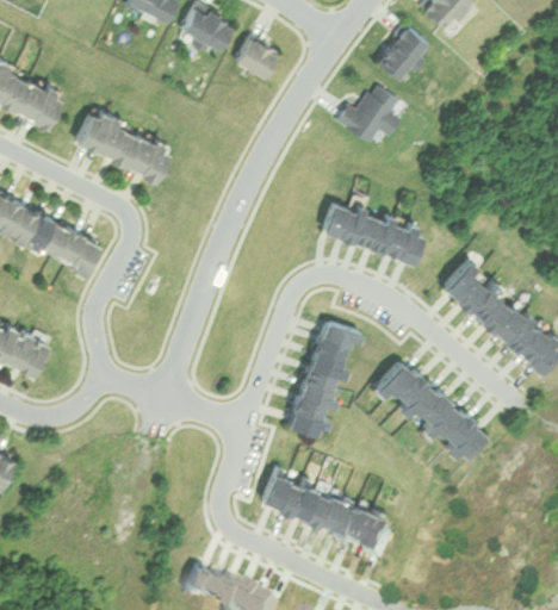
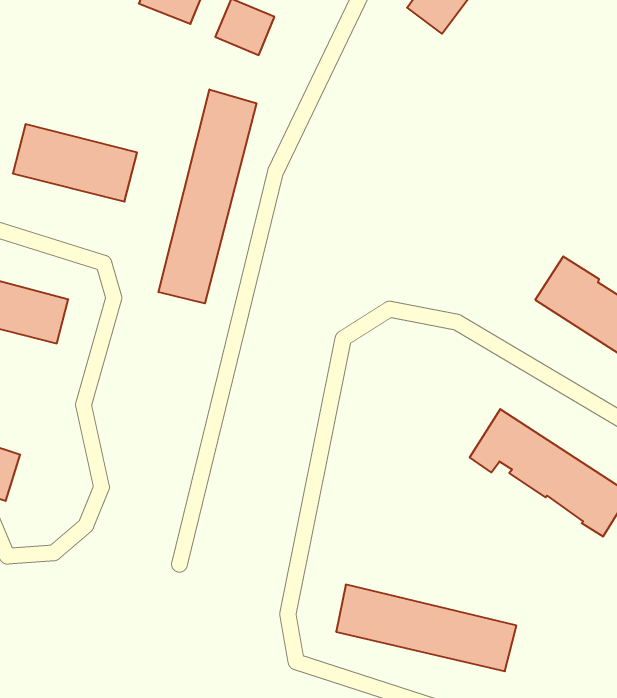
building: [336,87,402,145] -> none
building: none -> [158,89,256,303]
building: [318,197,421,261] -> none
building: [290,323,362,441] -> none

